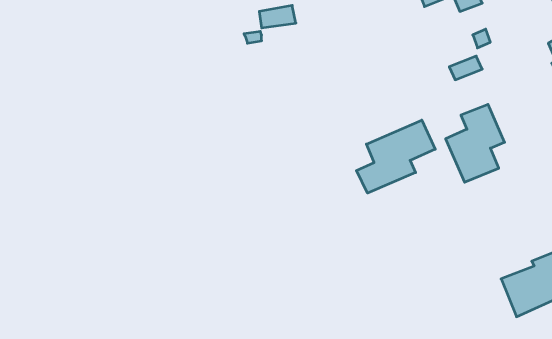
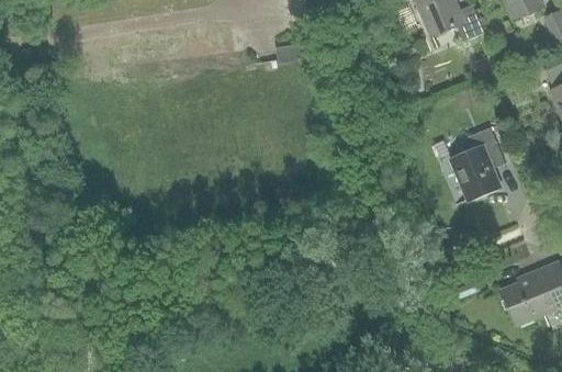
building: [356,120,435,193] -> none

